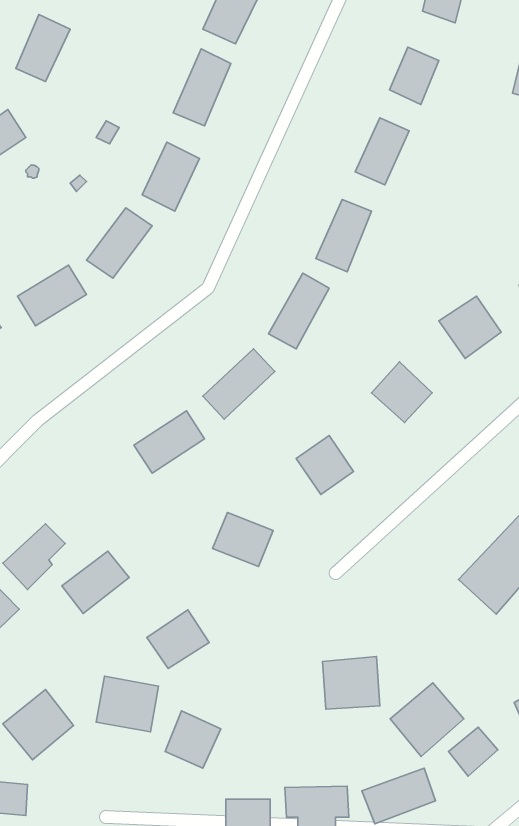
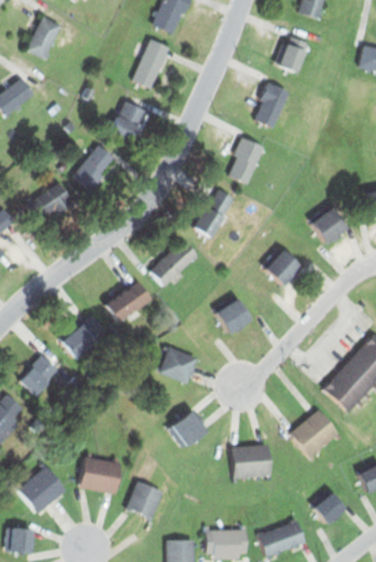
building: [62,551,129,614] -> [60,317,105,359]
building: [147,610,209,669] -> [167,411,208,450]
building: [390,683,464,757] -> [289,409,339,459]

